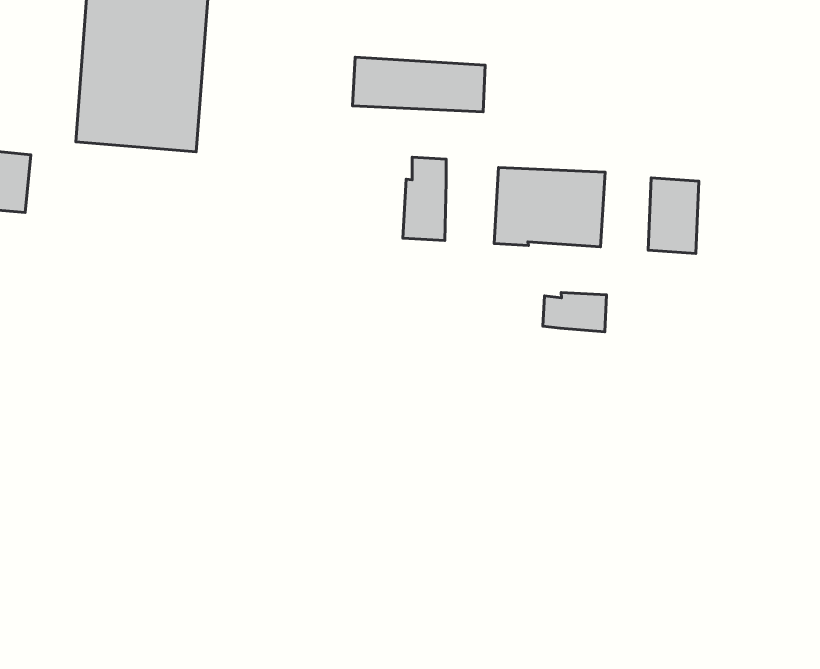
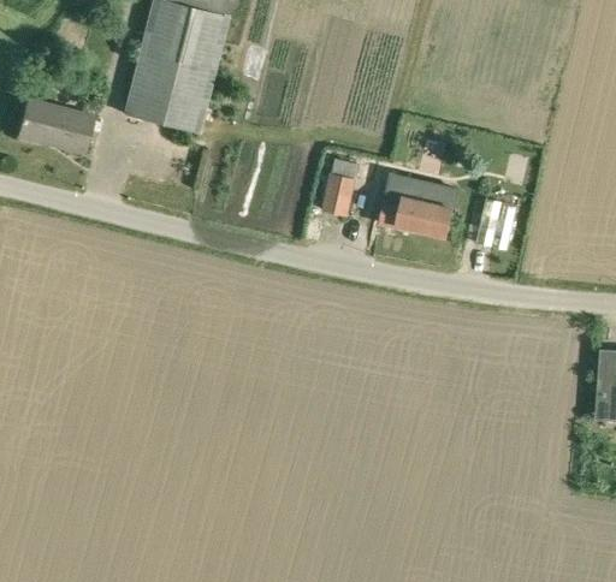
building: [352,57,485,112] -> none
building: [543,293,606,332] -> none

